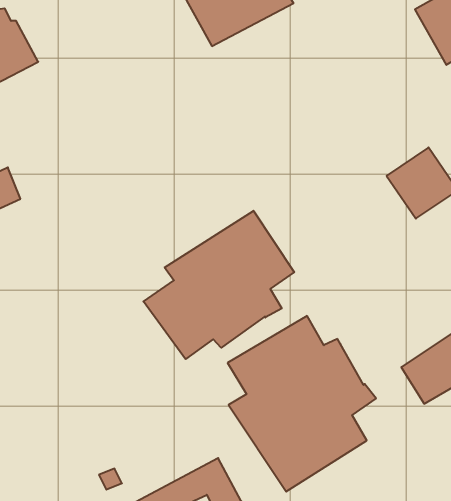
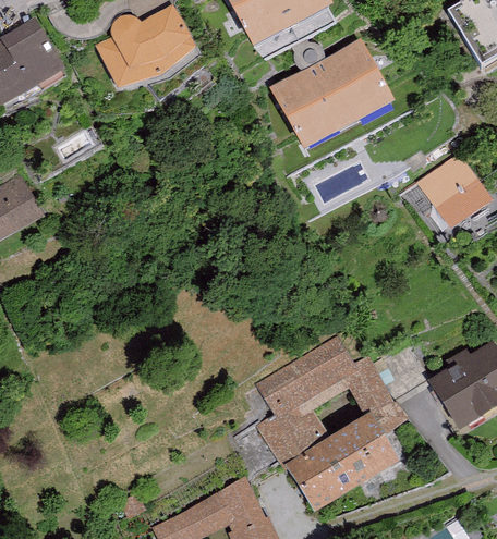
building: none -> [101,10,221,99]
building: none -> [255,42,388,162]
building: [143,211,294,359] -> none

